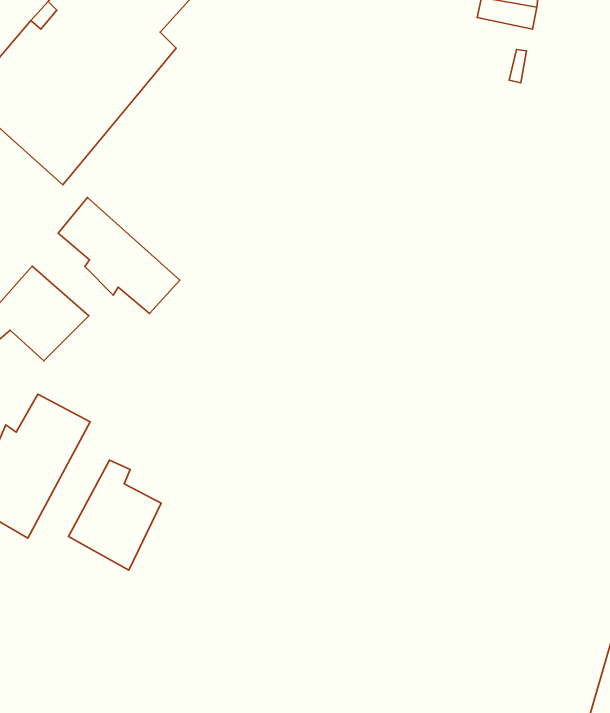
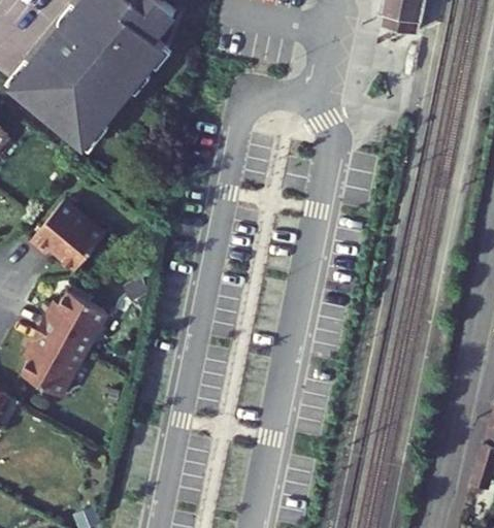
building: [58,198,180,314] -> none
building: [69,460,161,570] -> none

